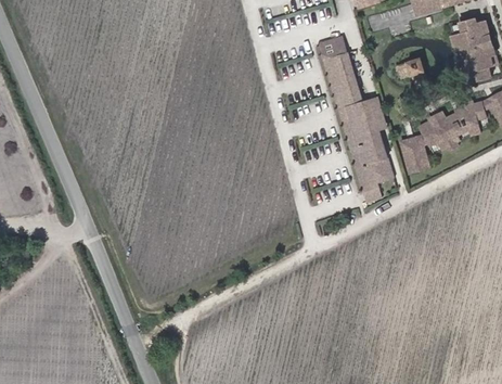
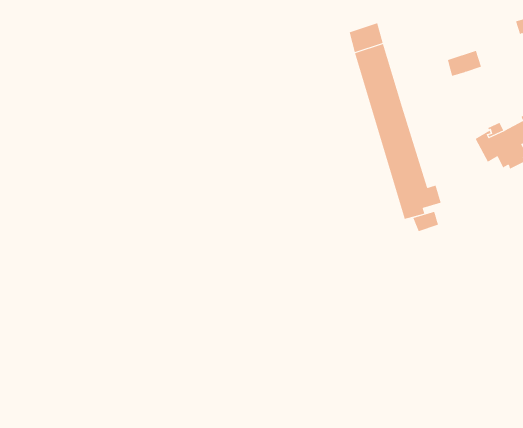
building: [361,97,387,165] -> none
building: [400,138,424,172] -> none

